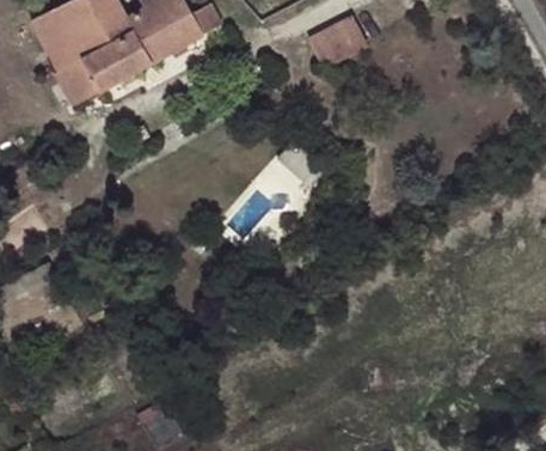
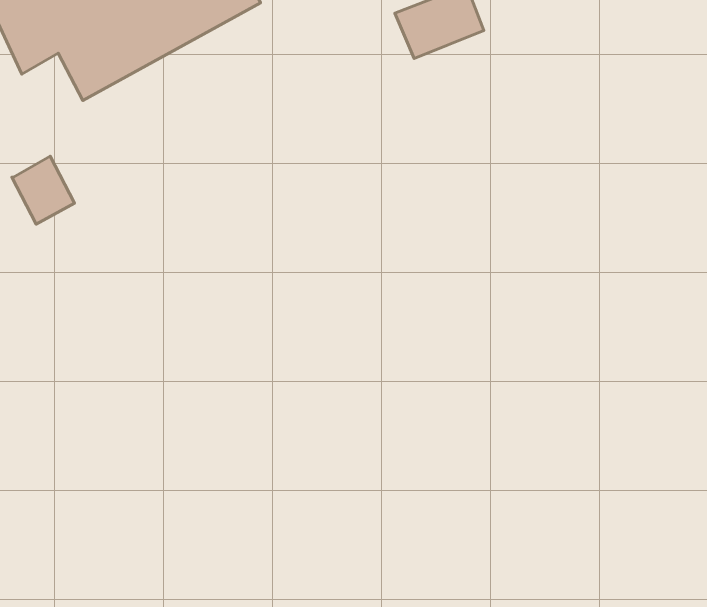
building: [53,60,96,106] -> [12,156,75,224]

